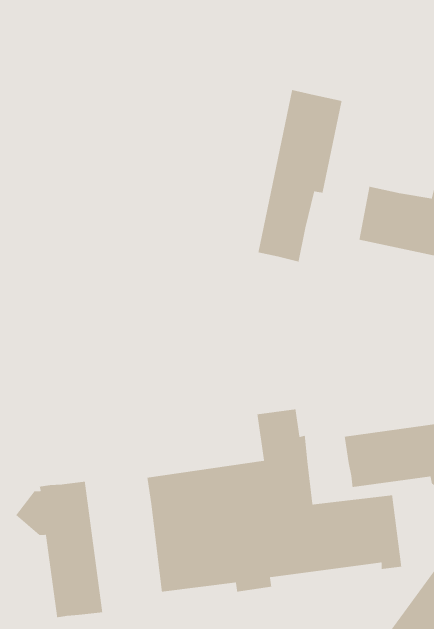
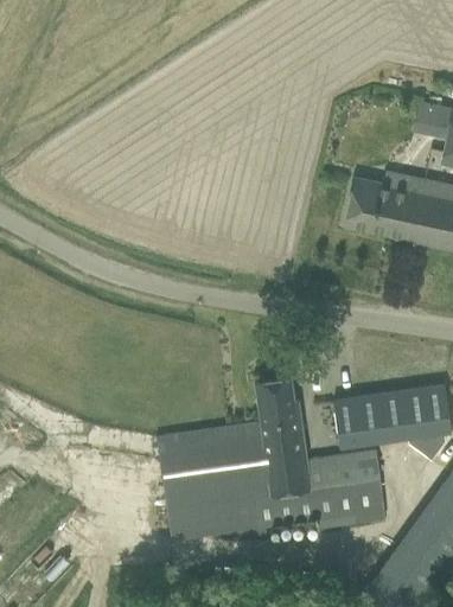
building: [257,89,343,262] -> none
building: [15,481,103,618] -> none

